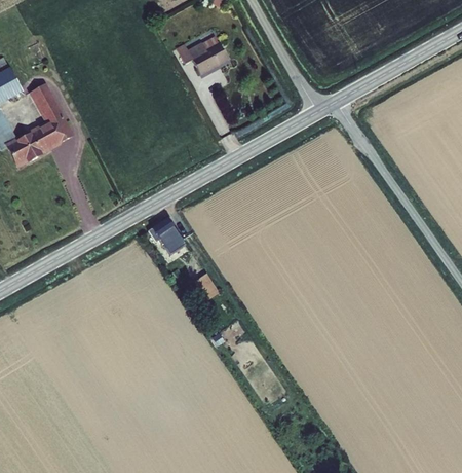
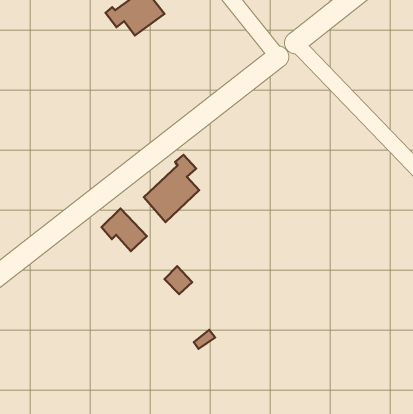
building: none -> [144,155,199,222]

